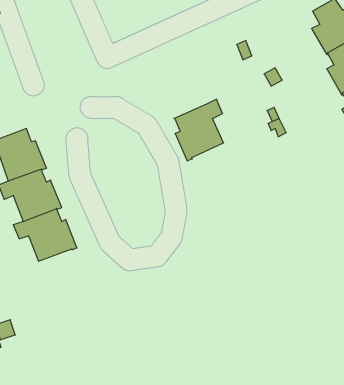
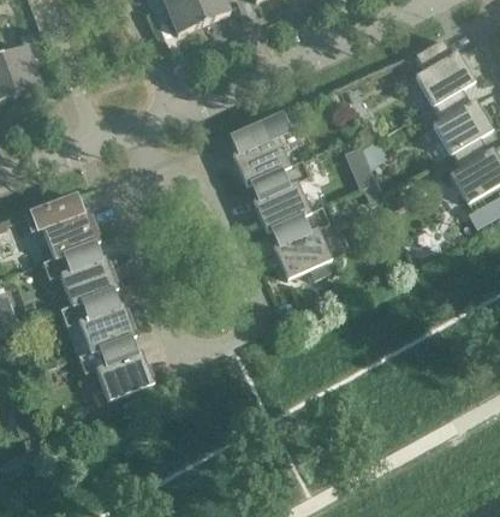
building: none -> [230,112,291,184]
building: none -> [270,204,331,278]
building: none -> [77,335,153,398]

